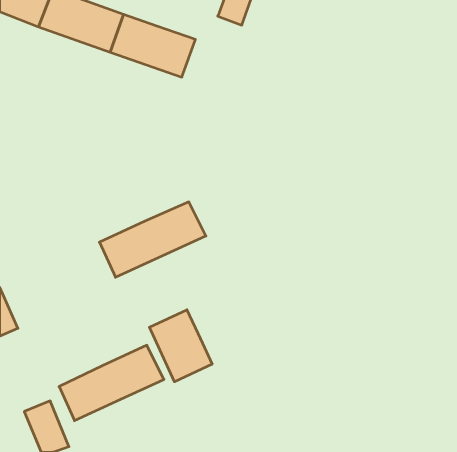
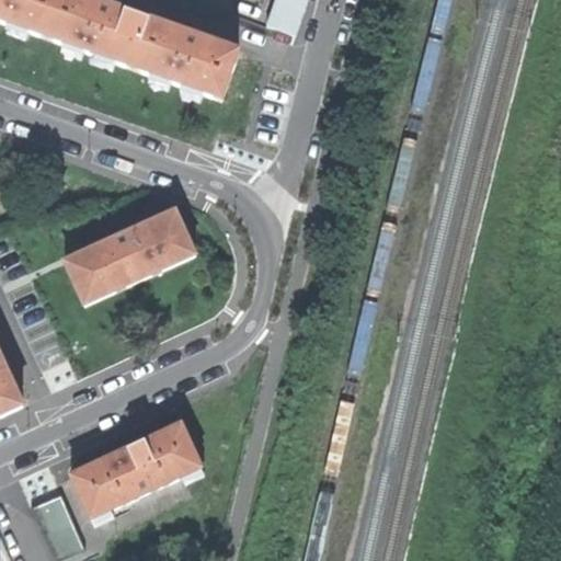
building: [99,202,206,277] -> [66,208,196,300]
building: [149,310,212,382] -> none

